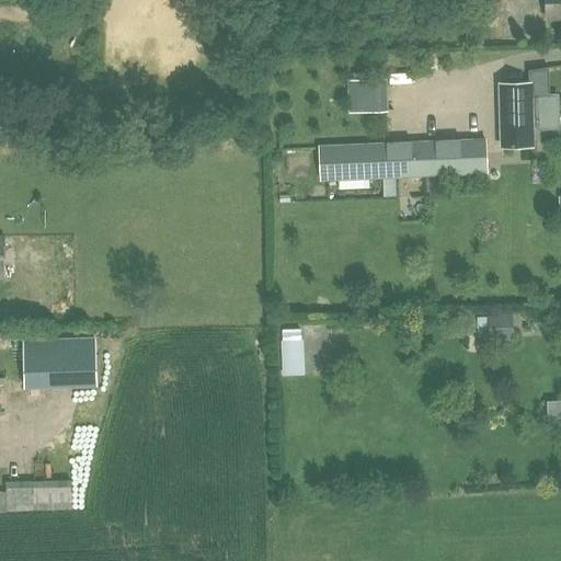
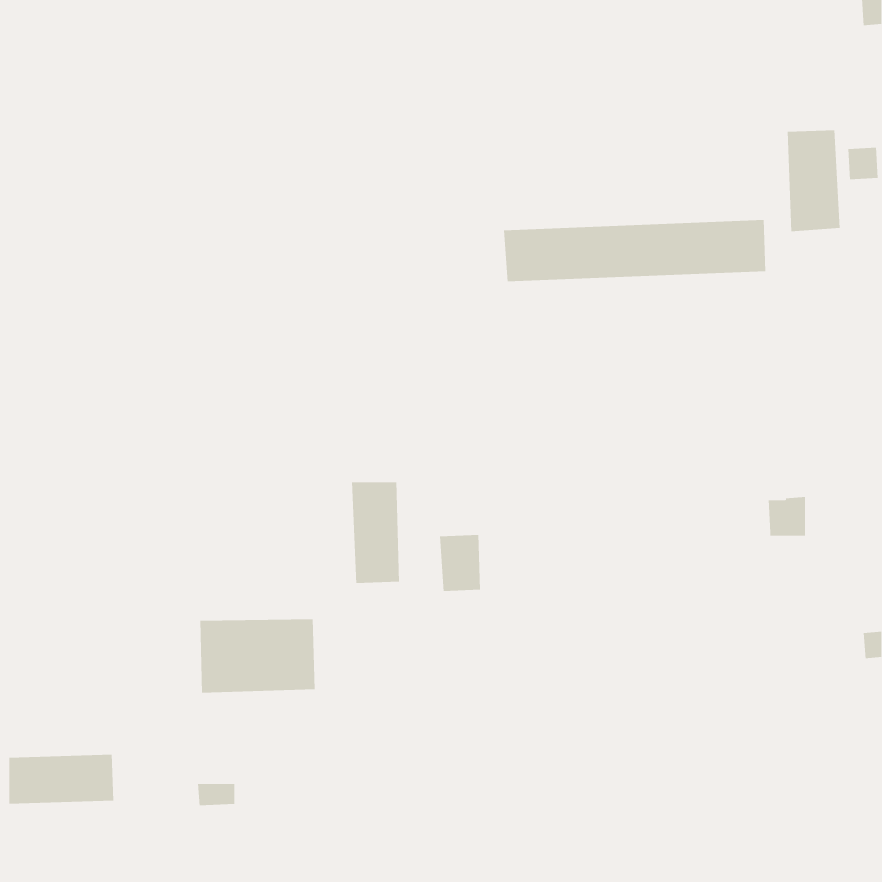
building: [347,78,387,112] -> none
building: none -> [351,481,400,584]
building: [23,339,96,386] -> [199,619,315,693]

